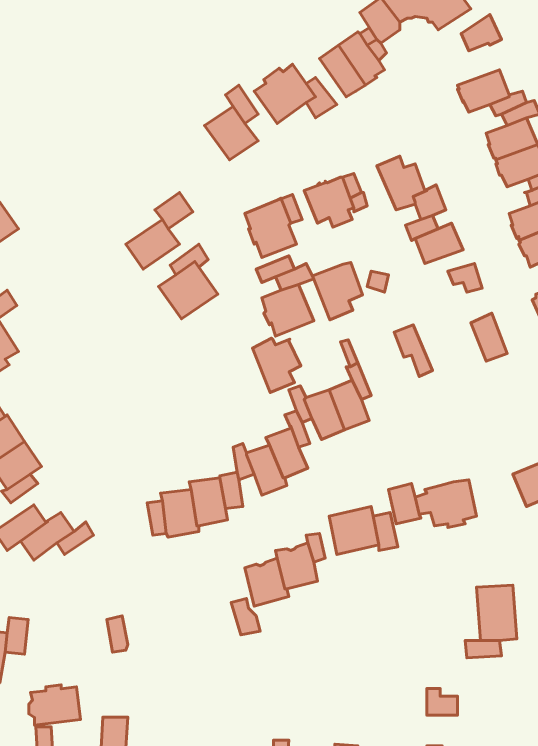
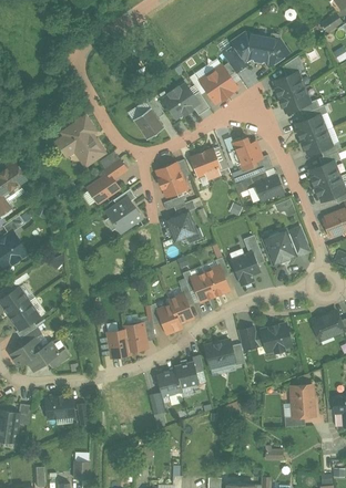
building: none -> [274,72,304,96]
building: none -> [55,117,104,166]
building: [313,262,362,320] -> [231,252,260,285]
building: none -> [263,229,296,264]
building: [253,338,301,393] -> none
building: [29,685,80,725] -> [44,395,74,418]

